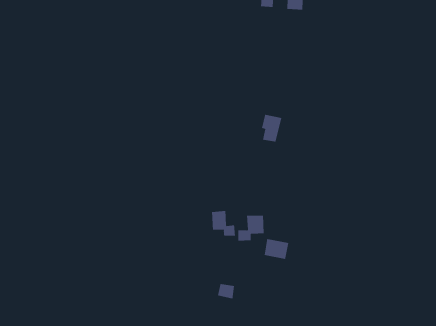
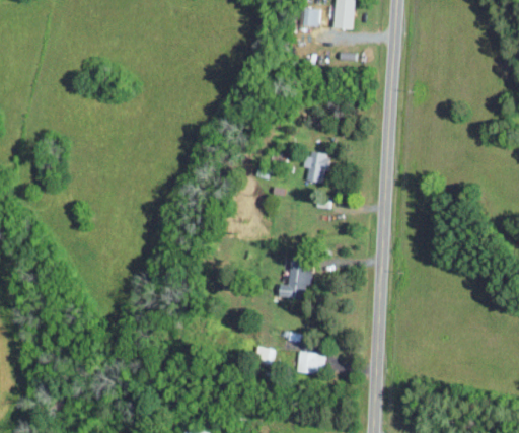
building: [211,210,235,237] -> none
building: [264,238,289,259] -> [296,351,325,375]

